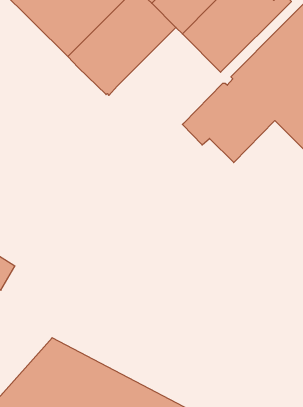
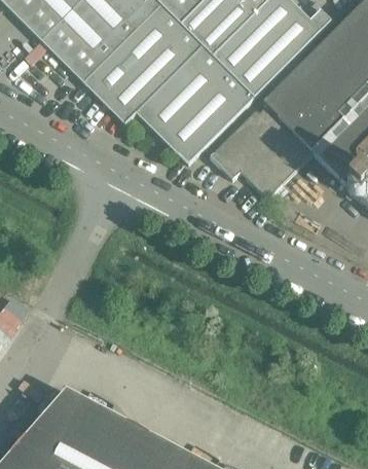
building: none -> [138,48,252,163]

